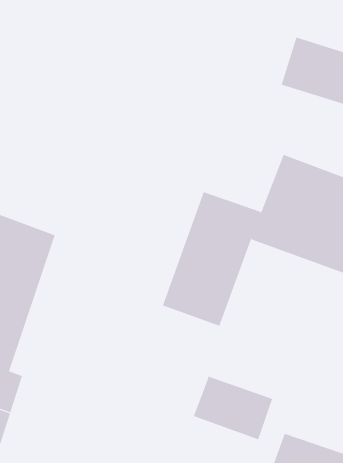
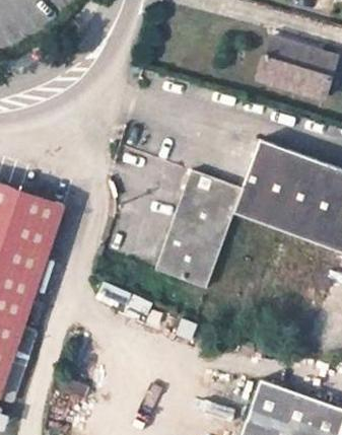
building: [193,376,273,440] -> none

